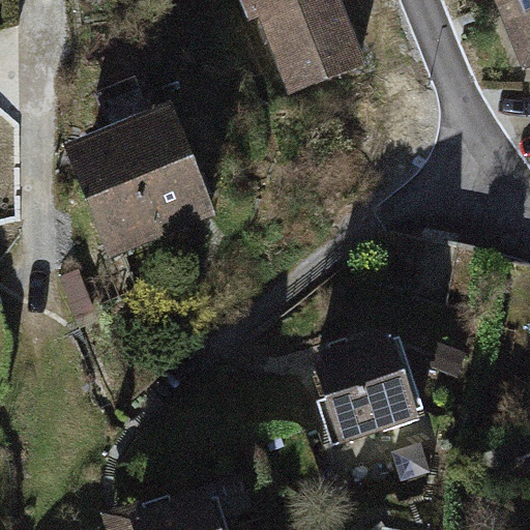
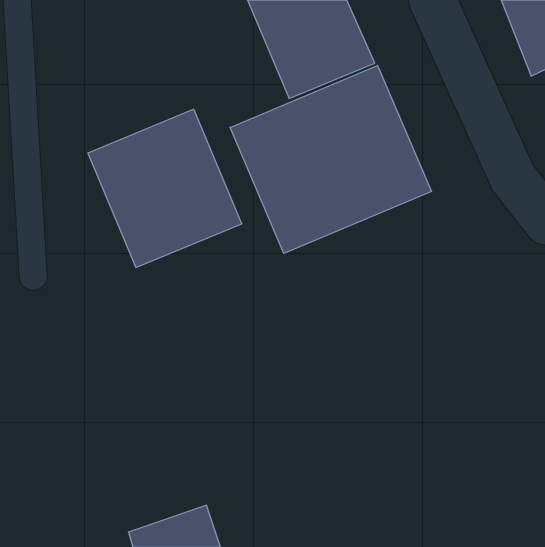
building: none -> [230,65,431,253]
building: [304,328,413,442] -> none

